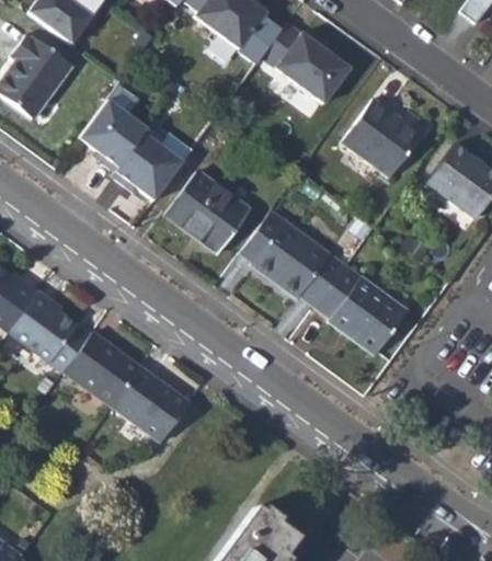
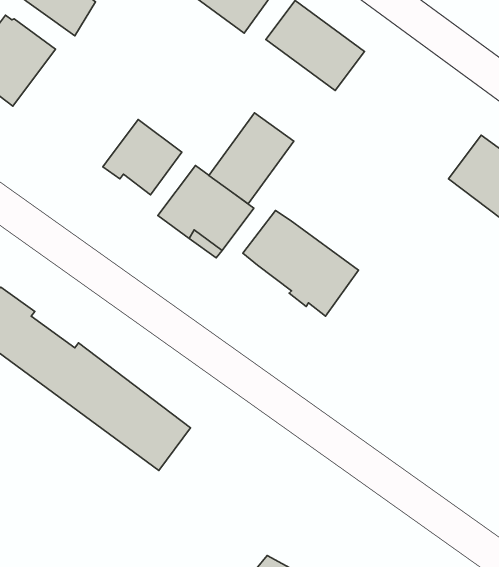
building: [81,94,149,167] -> none
building: [340,98,427,176] -> none
building: none -> [209,113,294,204]
building: [314,264,407,355] -> none

